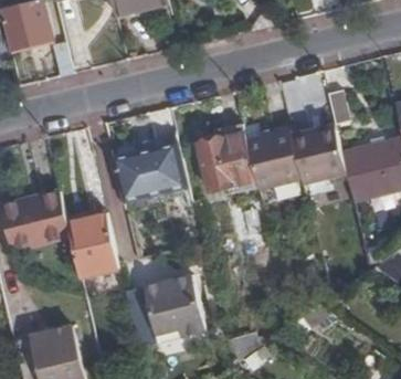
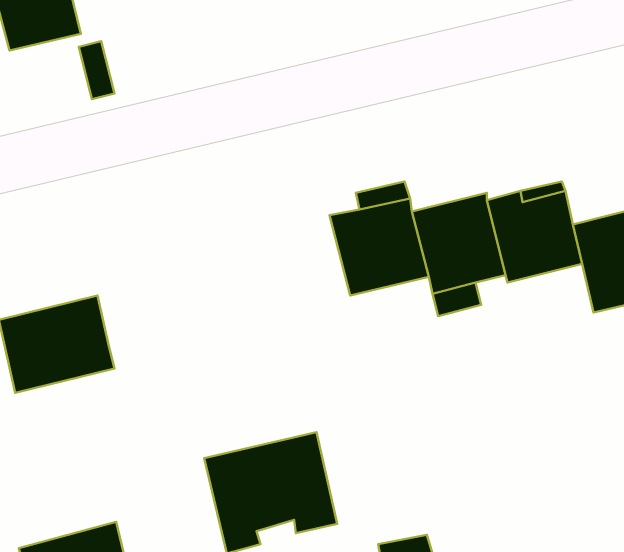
building: [113,141,190,202] -> none
building: [67,213,118,277] -> none

